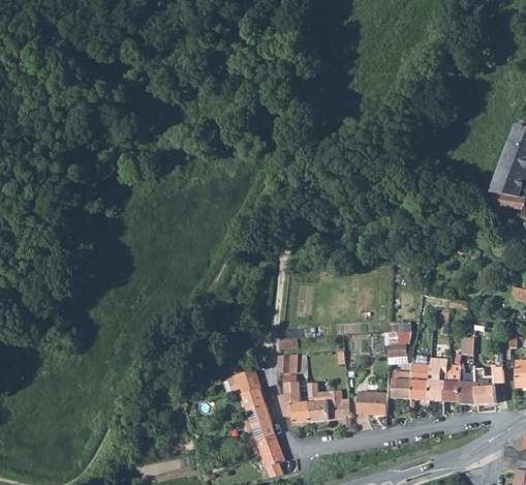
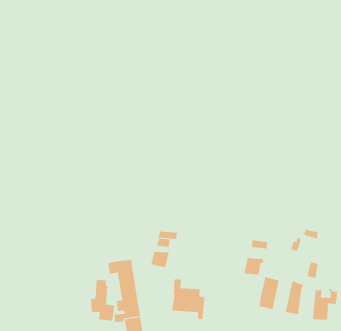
building: [429,358,450,401] -> none
building: [392,368,412,399] -> none
building: [459,370,476,404] -> none
building: [279,375,310,423] -> [90,279,116,321]
building: [358,393,388,415] -> none

